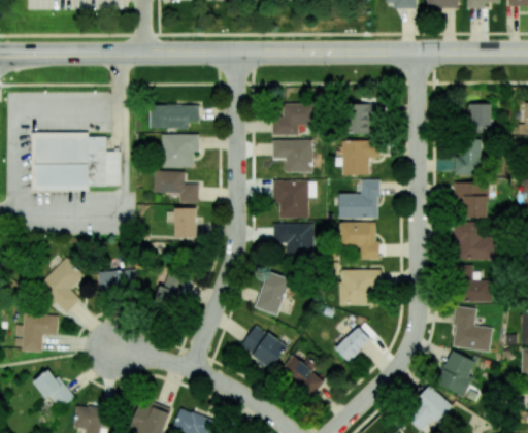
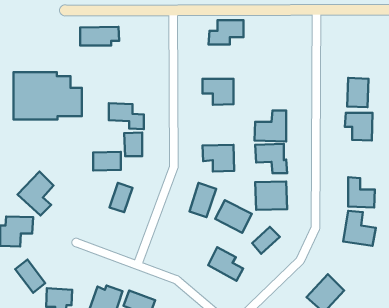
building: [271,103,316,134] -> [209,20,244,45]
building: [348,103,378,134] -> none
building: [468,103,491,129] -> none
building: [150,104,199,128] -> [80,27,119,46]
building: [162,133,198,167] -> none
building: [335,140,380,174] -> none
building: [272,179,307,218] -> none
building: [455,222,494,259] -> none
building: [100,270,135,294] -> [93,152,121,171]
building: [240,326,287,367] -> [215,200,252,233]
building: [436,349,474,396] -> none

